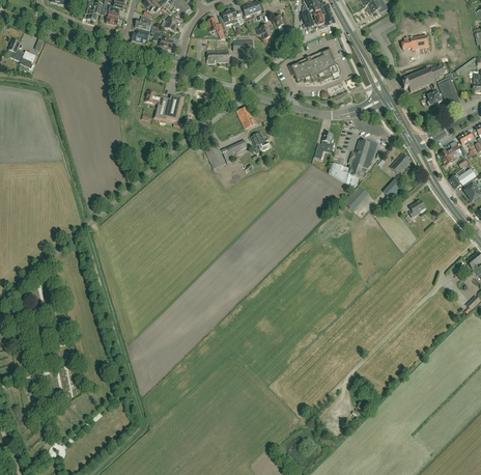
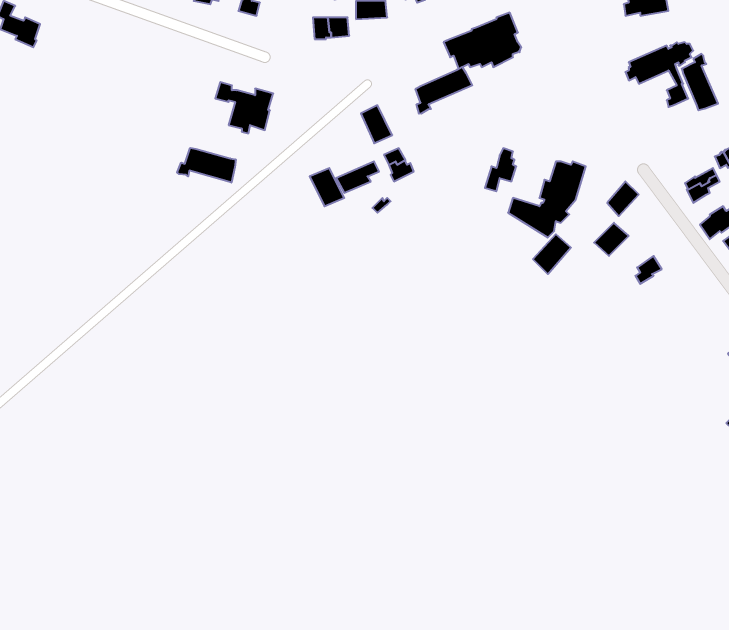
building: none -> [416,67,472,114]
building: none -> [177,148,236,183]

